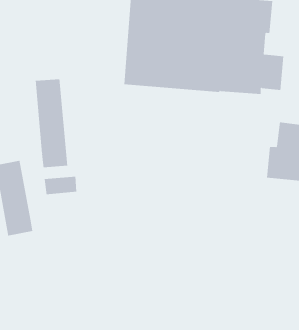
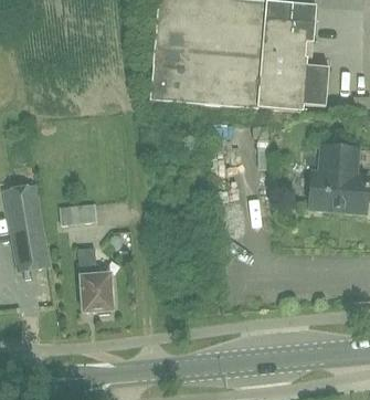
building: [35,78,68,168] -> none
building: none -> [78,248,113,314]

